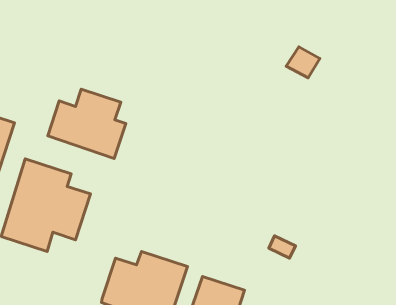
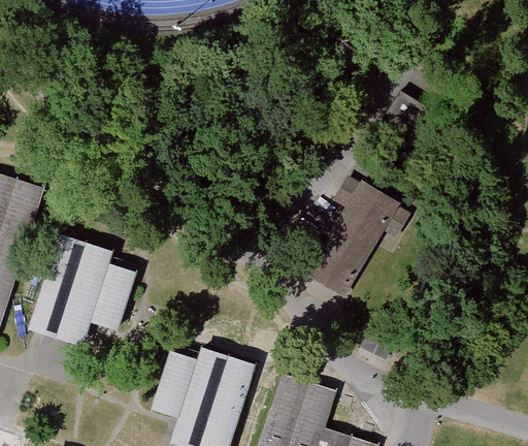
building: [48,89,126,158] -> none
building: none -> [300,177,392,299]

